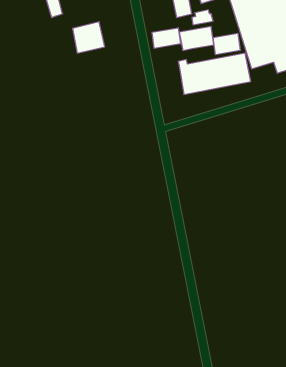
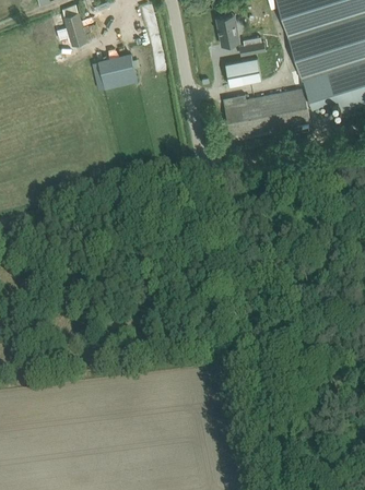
building: [152,28,180,48] -> none
building: [213,33,240,55] -> none

